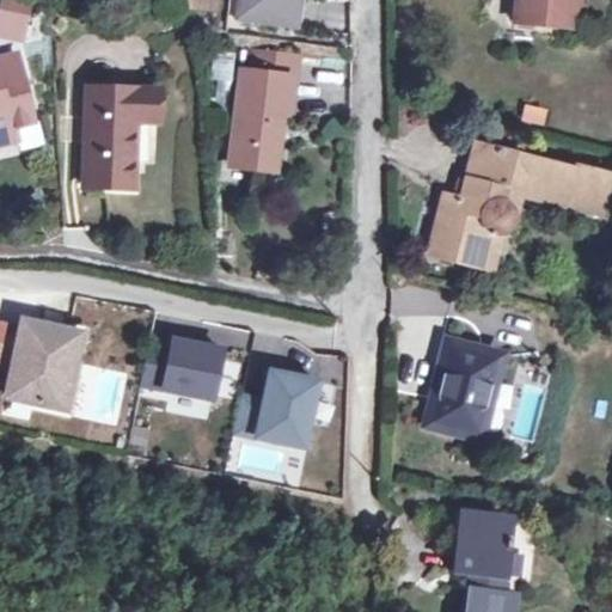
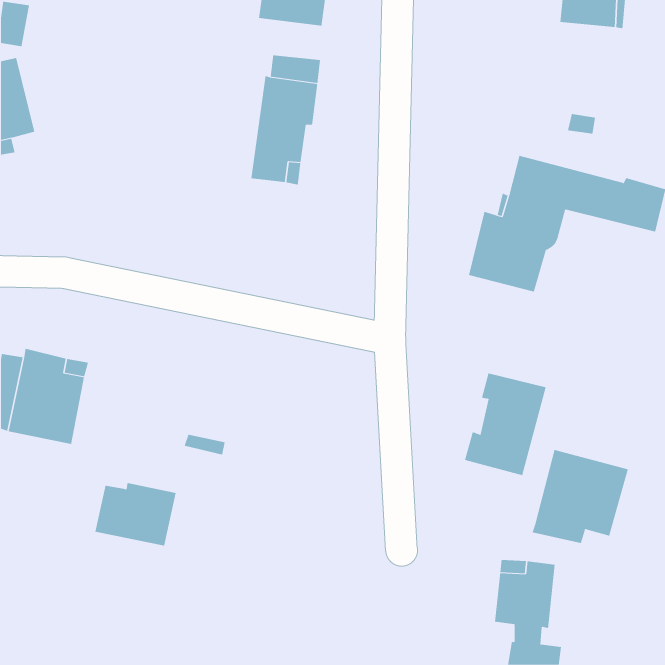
building: [86,86,161,186] -> none
building: [143,339,219,398] -> [94,482,177,546]
building: [237,375,318,449] -> none
building: none -> [532,449,628,544]

